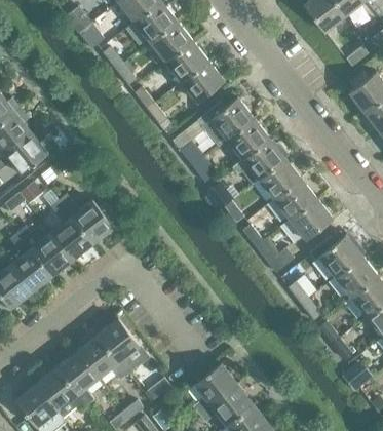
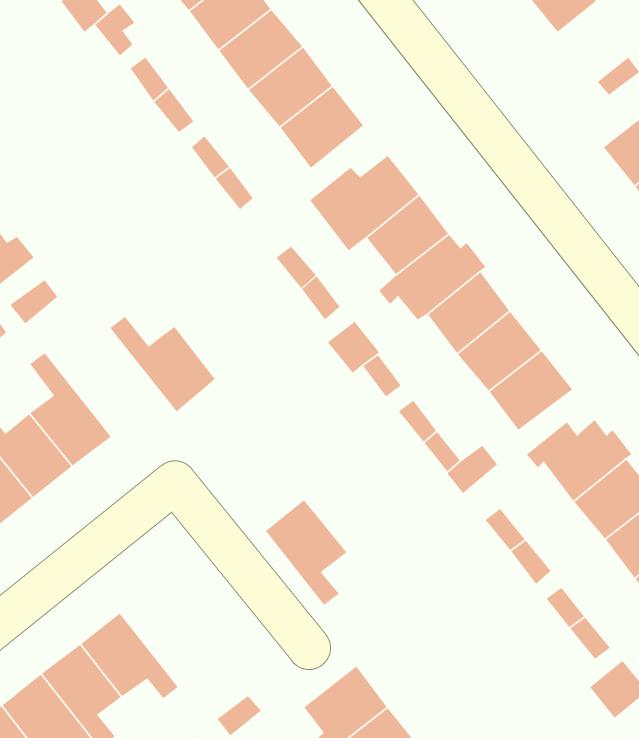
building: [59,194,114,244] -> [109,316,216,413]
building: [98,319,141,375] -> [265,499,348,606]

